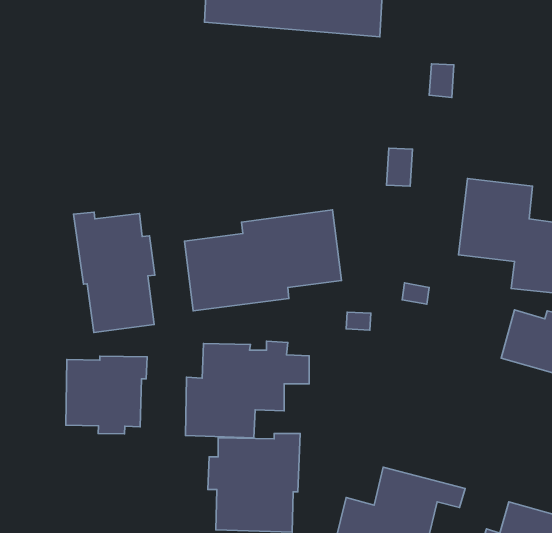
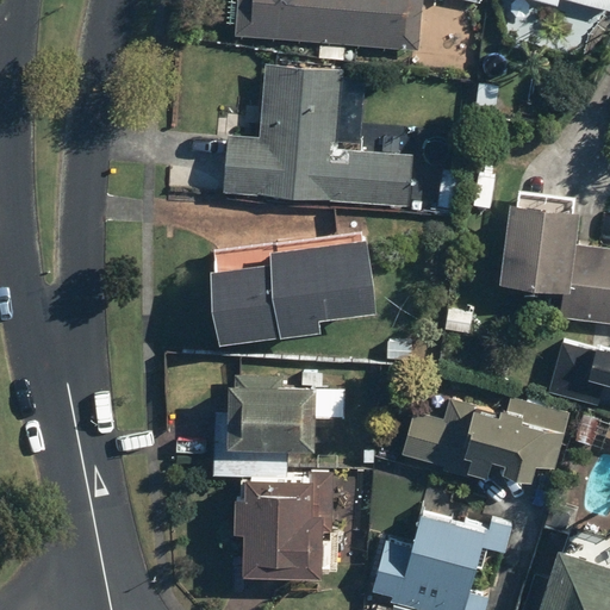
building: none -> [222,64,410,208]
building: [74,212,155,333] -> none
building: [66,356,147,434] -> none
building: none -> [400,399,569,480]

